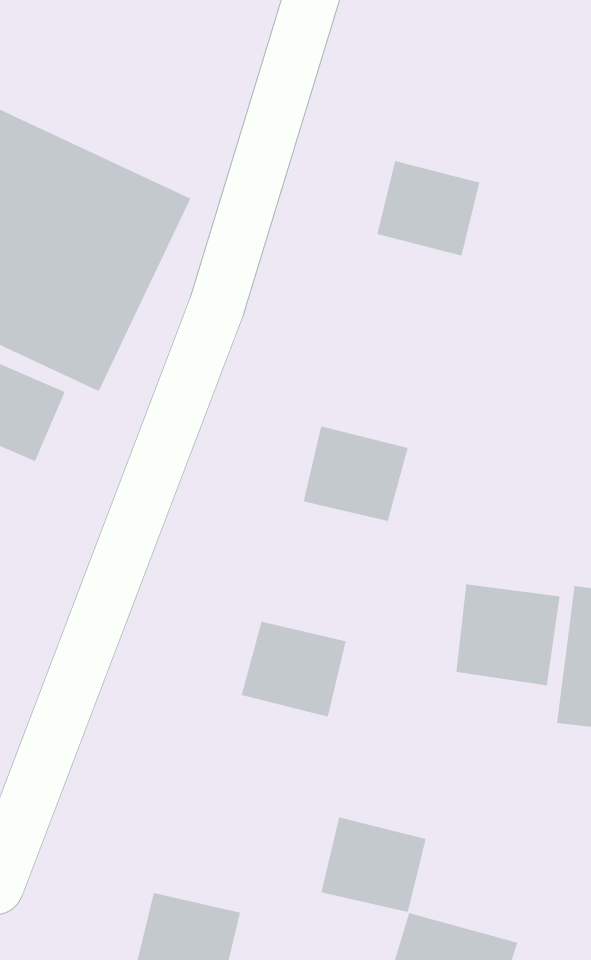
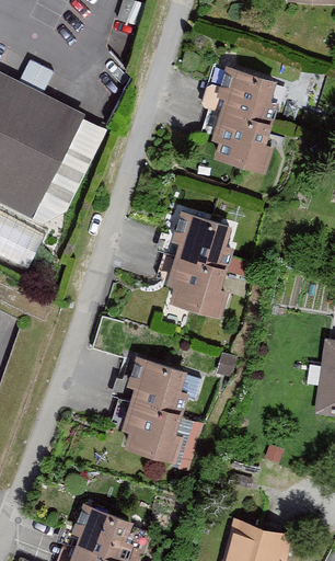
building: none -> [220,65,278,118]
building: none -> [180,211,238,264]
building: [456,583,560,686] -> none
building: [321,817,426,912] -> [126,400,184,453]

